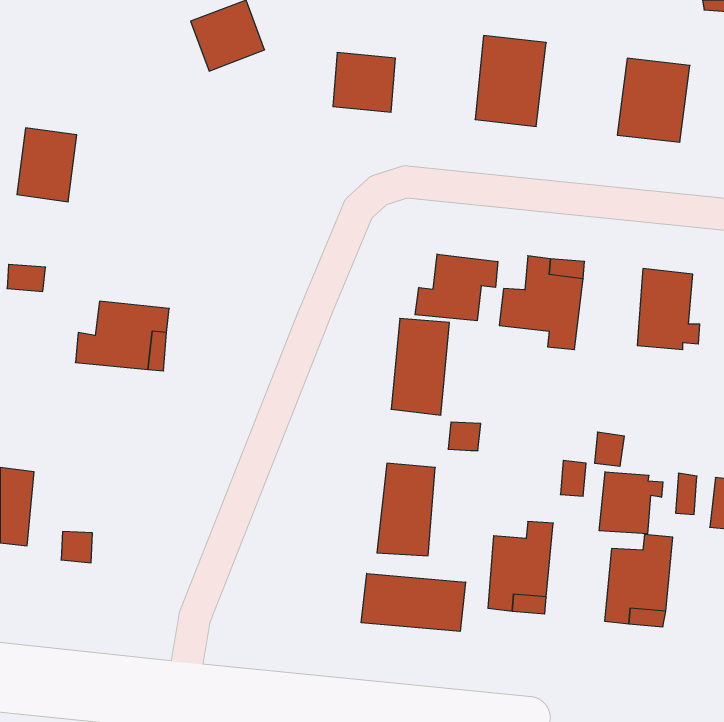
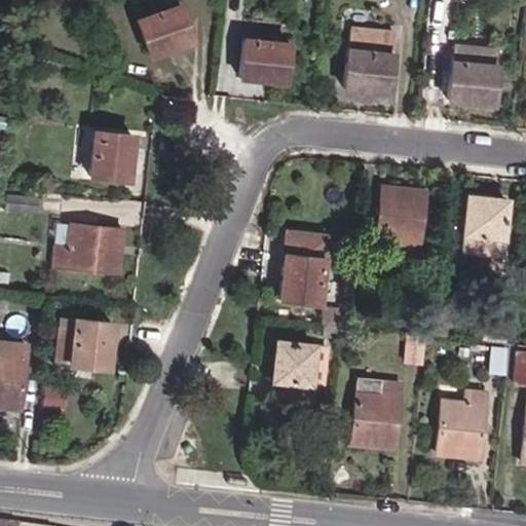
building: [17,128,77,202] -> [91,127,135,181]
building: [415,254,498,321] -> none
building: none -> [54,320,114,369]
building: [599,472,663,534] -> none
building: [361,573,466,631] -> none

